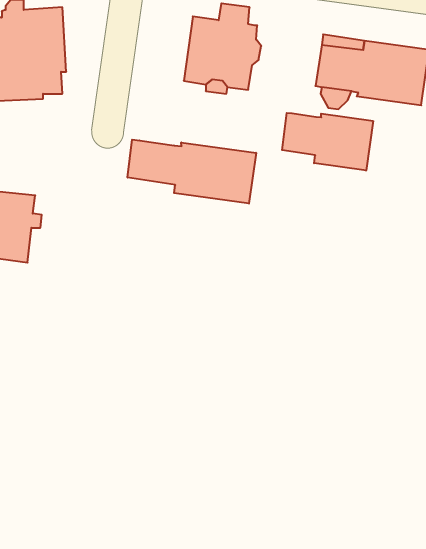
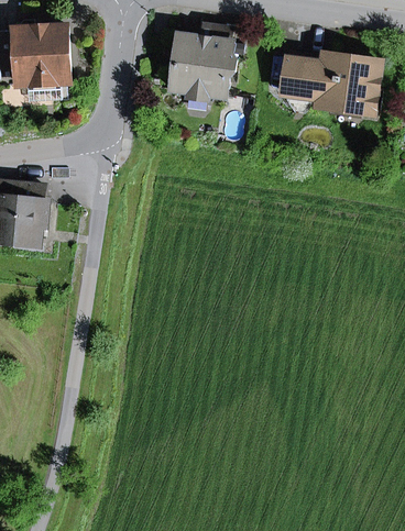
building: [282,113,373,171] -> none
building: [128,140,256,204] -> none

